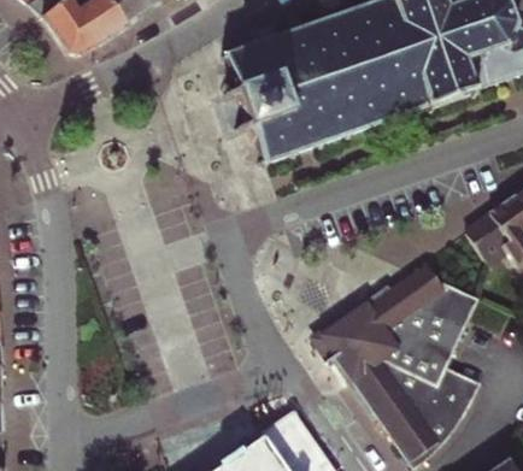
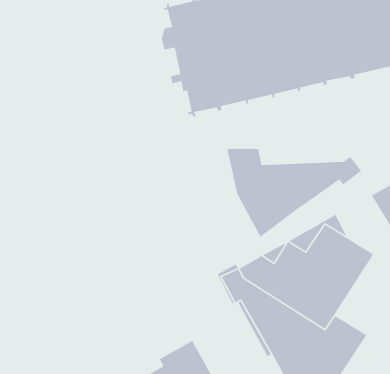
building: none -> [227,148,362,238]

